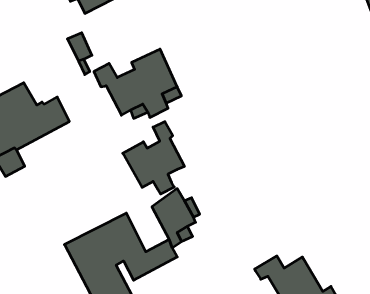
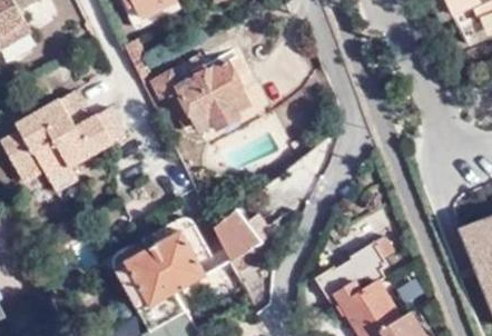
building: [123,122,184,194] -> none
building: none -> [316,236,396,295]

